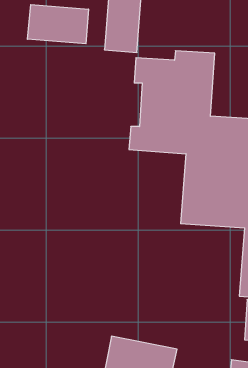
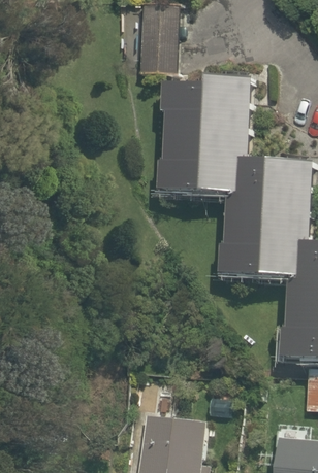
building: [27,5,88,44] -> none

